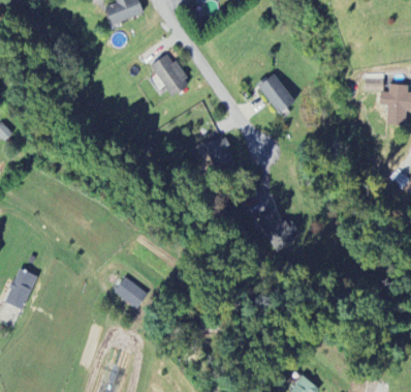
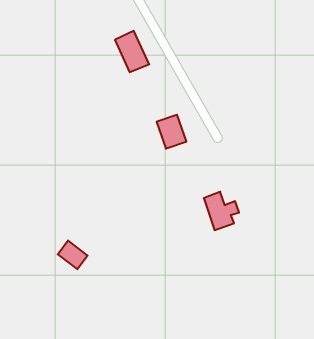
building: [256,72,295,115] -> none

